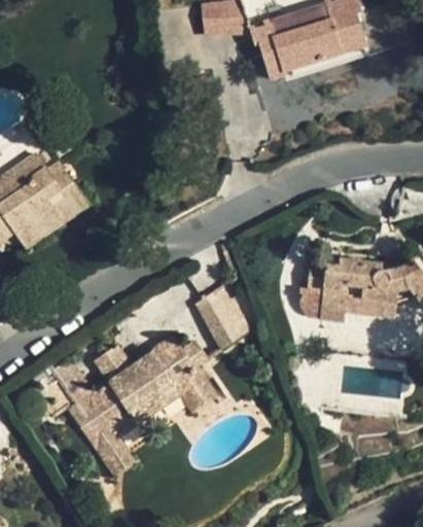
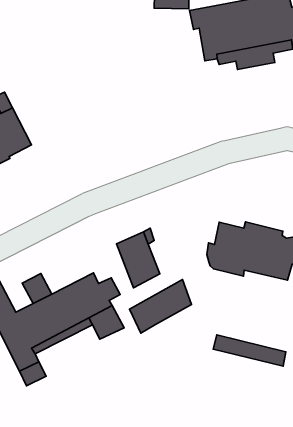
building: none -> [130,280,192,333]

